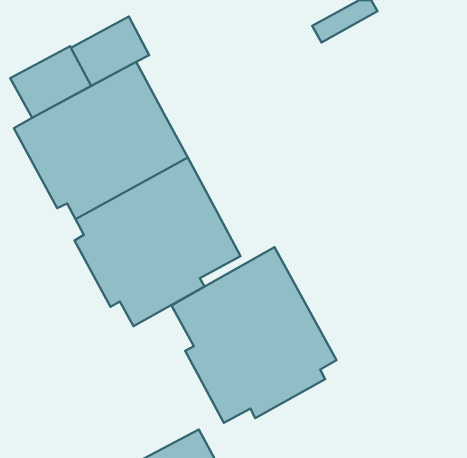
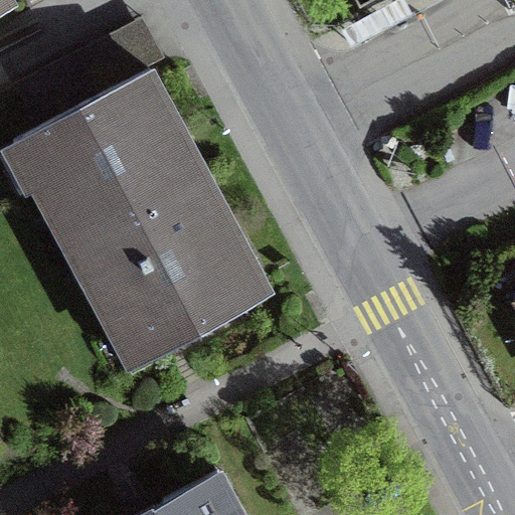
building: [171,247,337,423] -> none

